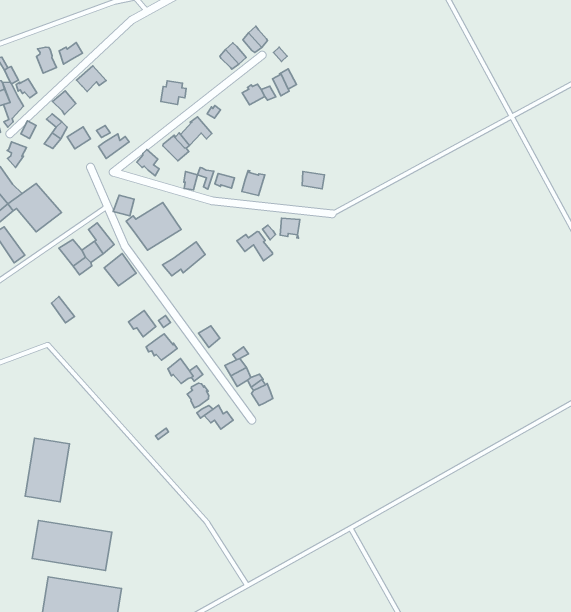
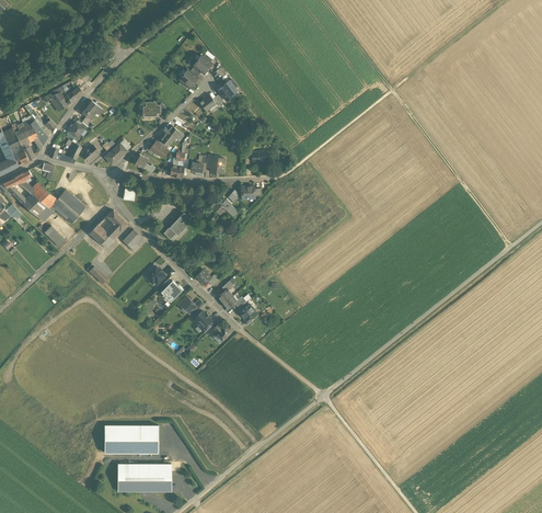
building: [126,202,181,250] -> none
building: [25,438,70,502] -> none

